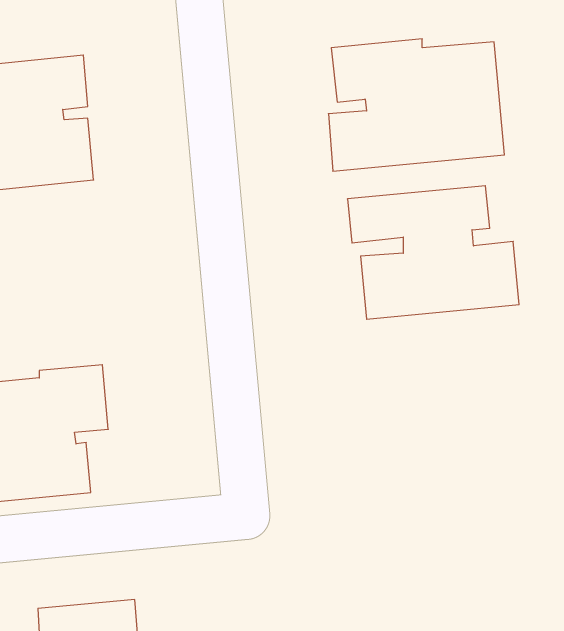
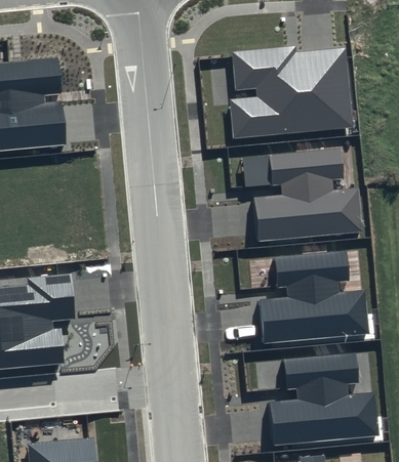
building: none -> [260,251,369,344]
building: none -> [269,352,380,446]

